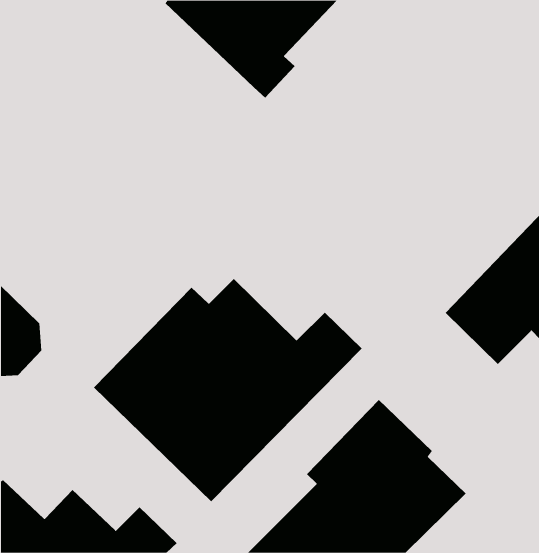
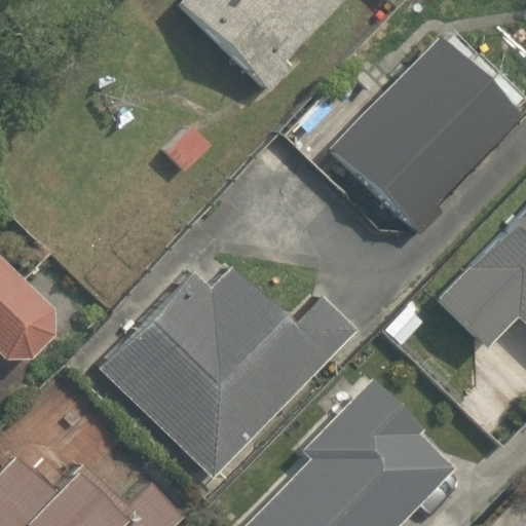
building: none -> [331,34,521,236]

